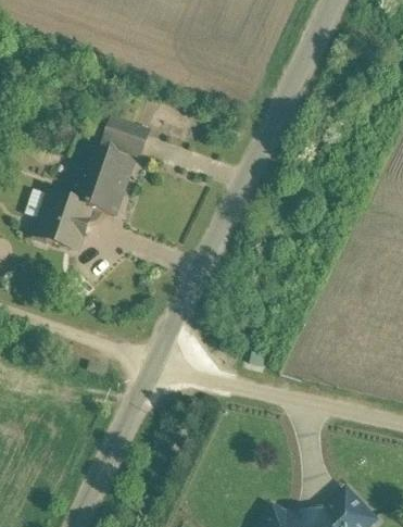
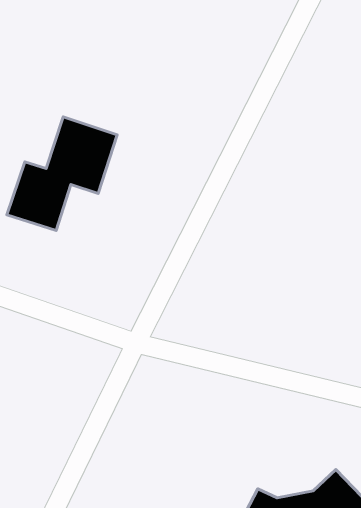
building: [99,118,149,163] -> none

